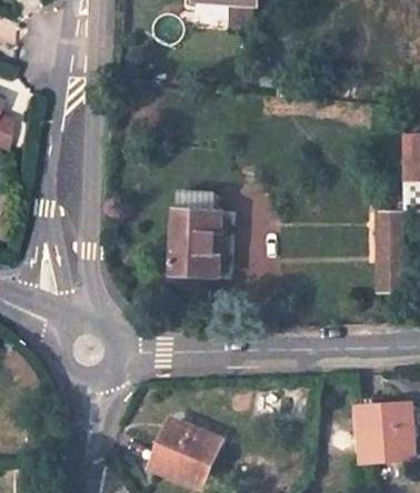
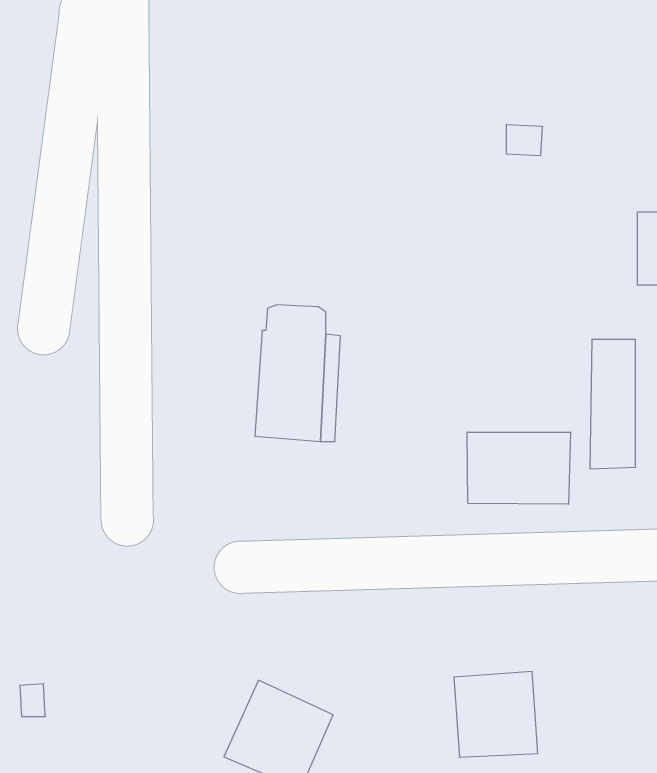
building: none -> [467,432,570,504]
building: [360,406,411,459] -> [454,672,538,757]

